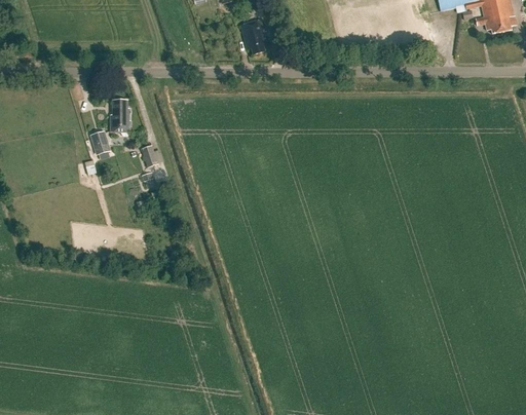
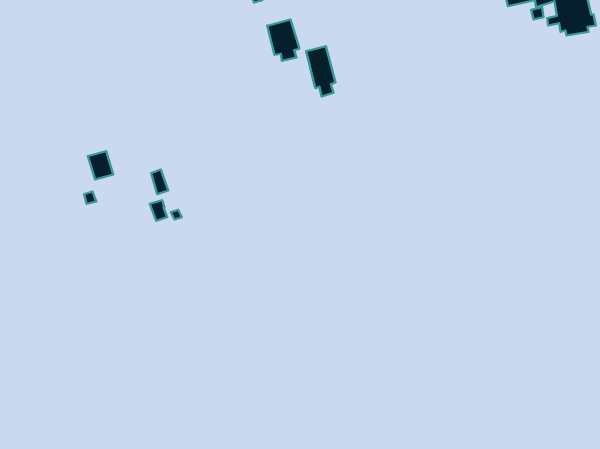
building: none -> [306,46,336,96]
building: [110,99,129,130] -> none

